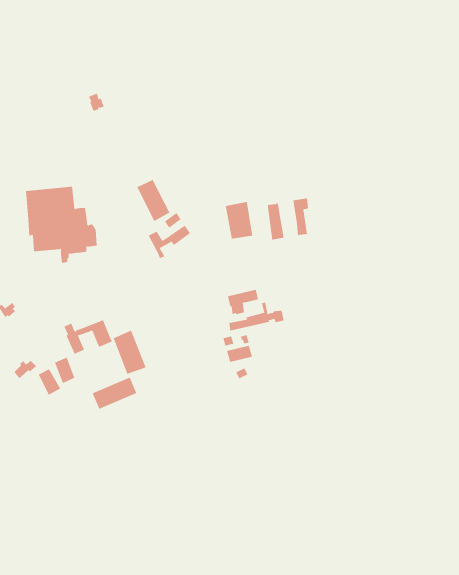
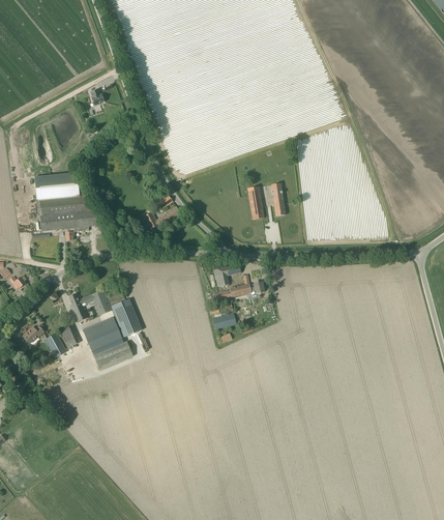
building: [136,179,170,222] -> none
building: [225,201,253,239] -> none
building: none -> [83,315,123,351]

